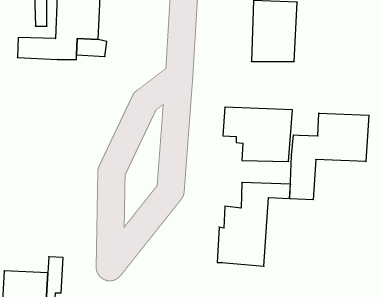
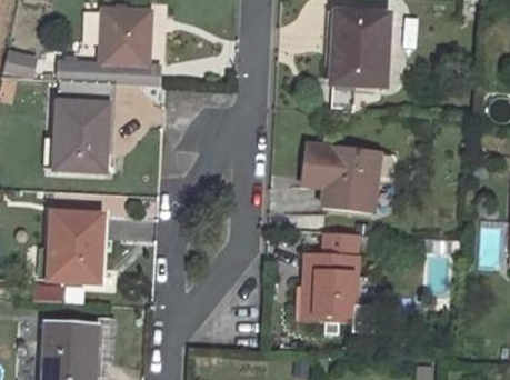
building: none -> [57,82,107,173]
building: [290,113,369,200] -> none
building: none -> [49,210,104,280]

